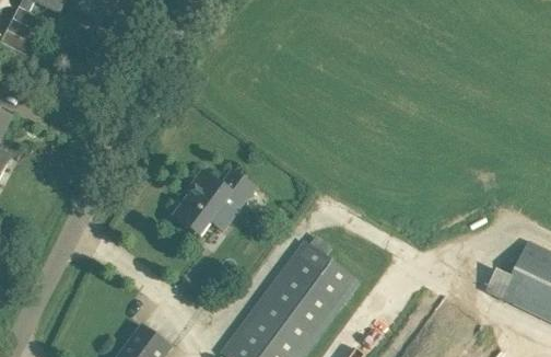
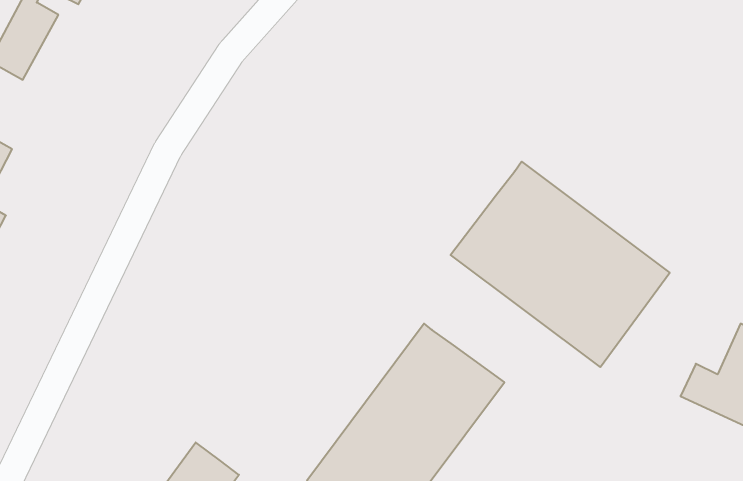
building: none -> [451,162,670,367]
building: [173,170,255,237] -> none

